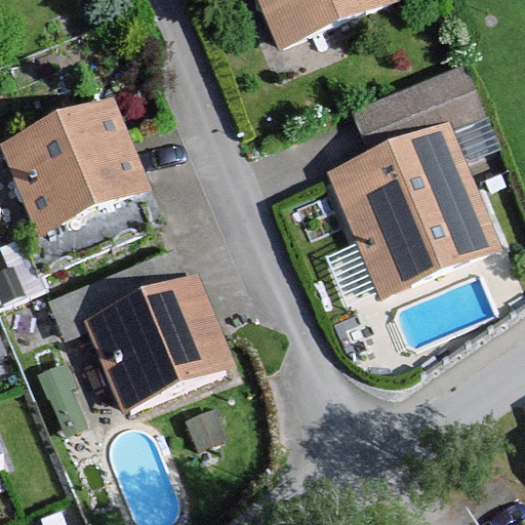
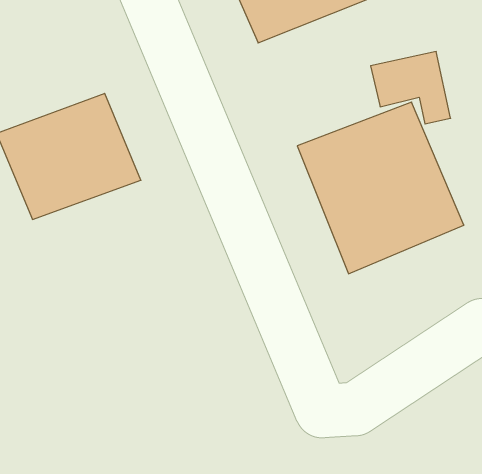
building: [79,275,239,414] -> none

